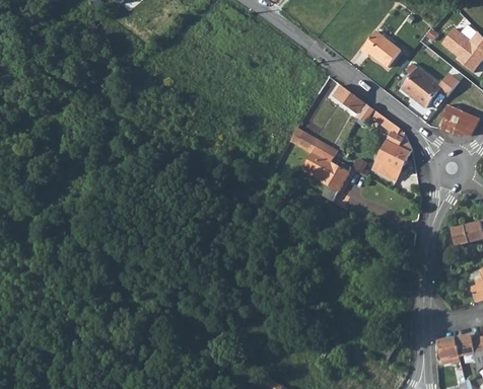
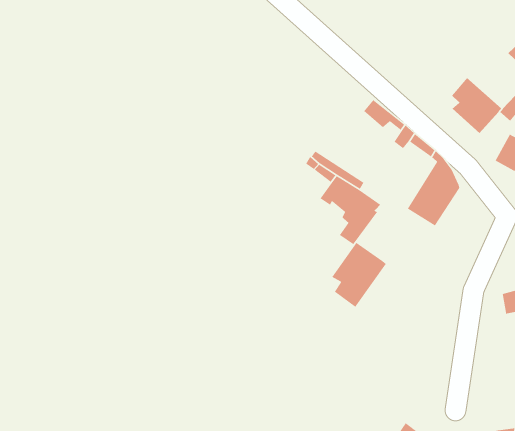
building: [360,32,399,69] -> none
building: none -> [331,242,387,308]

